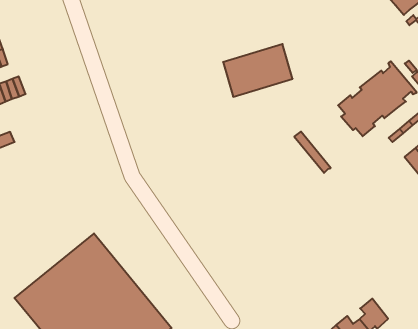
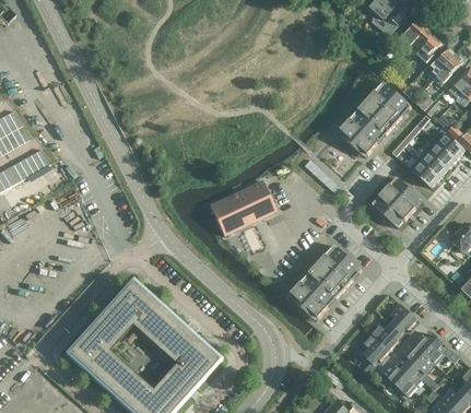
building: [223,44,293,97] -> [209,179,275,235]
building: none -> [374,178,420,225]
building: none -> [290,245,361,317]

